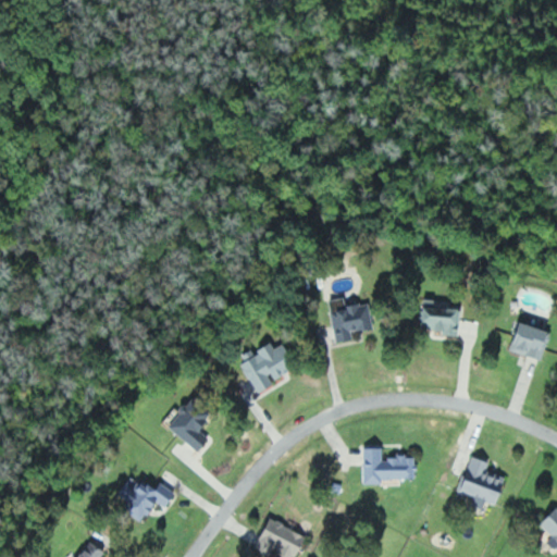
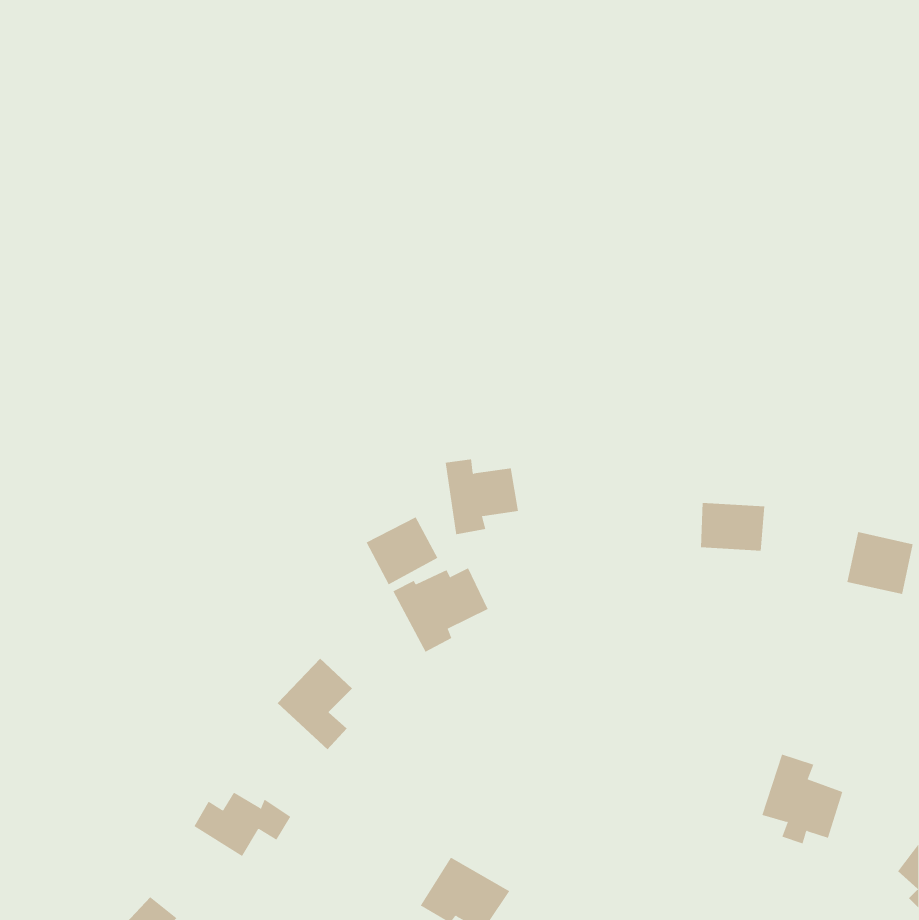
building: [327,298,372,344] -> [445,459,519,535]
building: none -> [366,516,438,585]
building: [361,448,413,485] -> none

